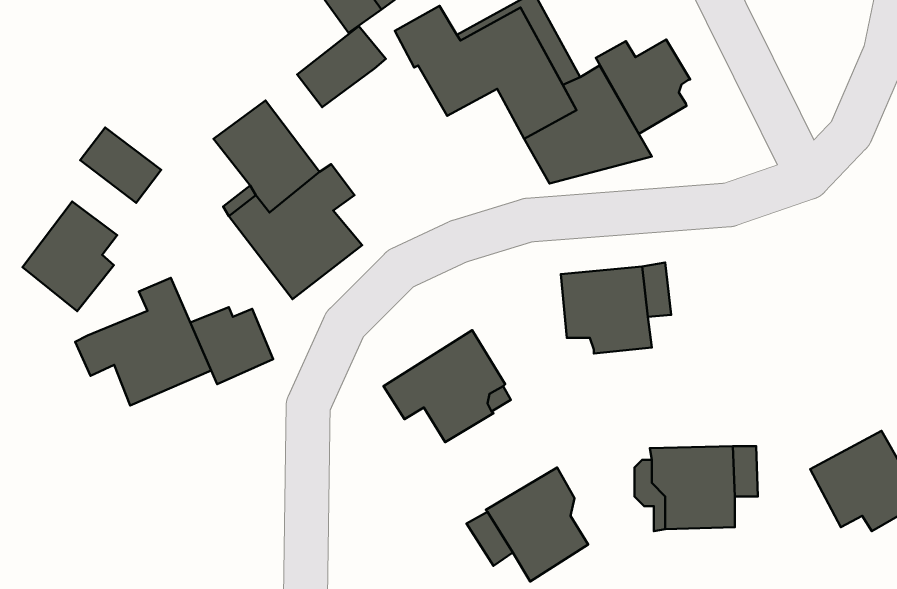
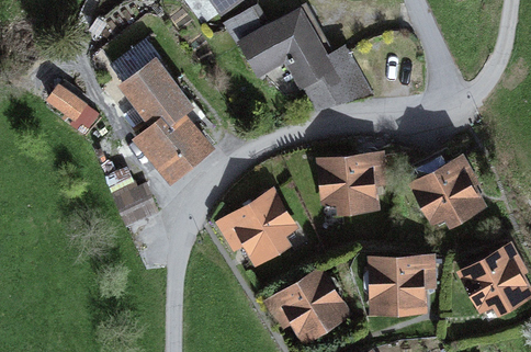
building: [297,26,386,107] -> [111,42,161,88]
building: [596,39,690,134] -> none
building: [22,202,117,311] -> none
building: none -> [406,148,479,222]
building: [75,278,211,406] -> none

